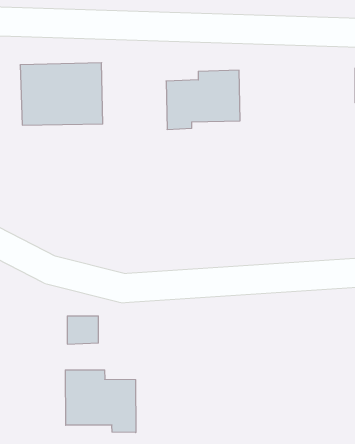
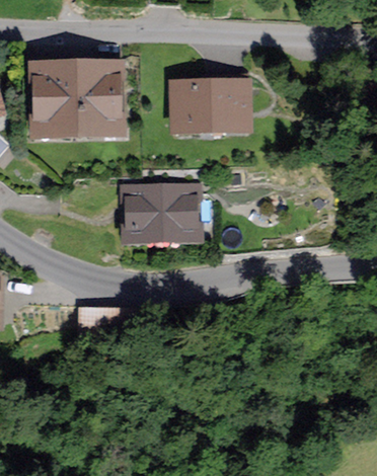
building: none -> [131,191,193,234]
building: [65,370,136,433] -> none

